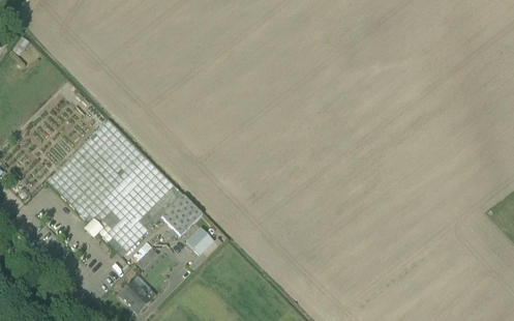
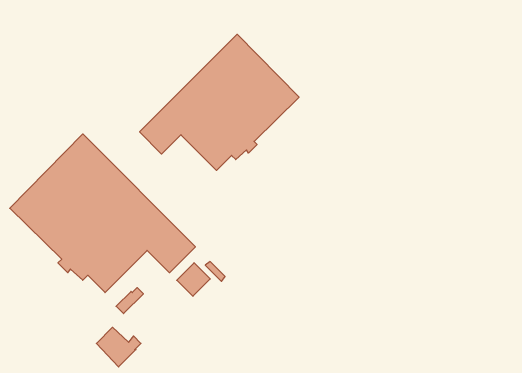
building: none -> [140,34,299,170]

